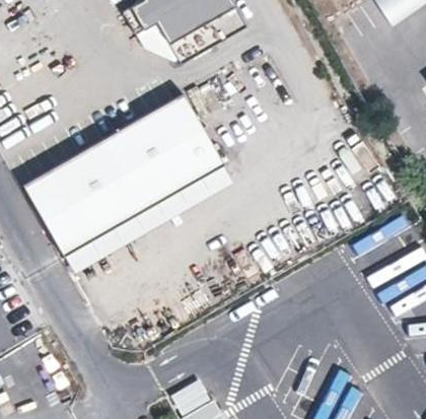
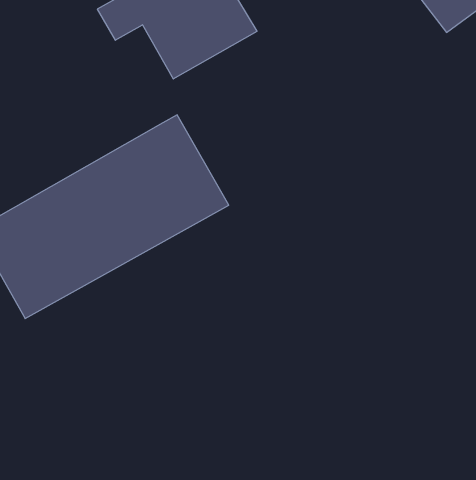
building: [63,163,233,271] -> none

